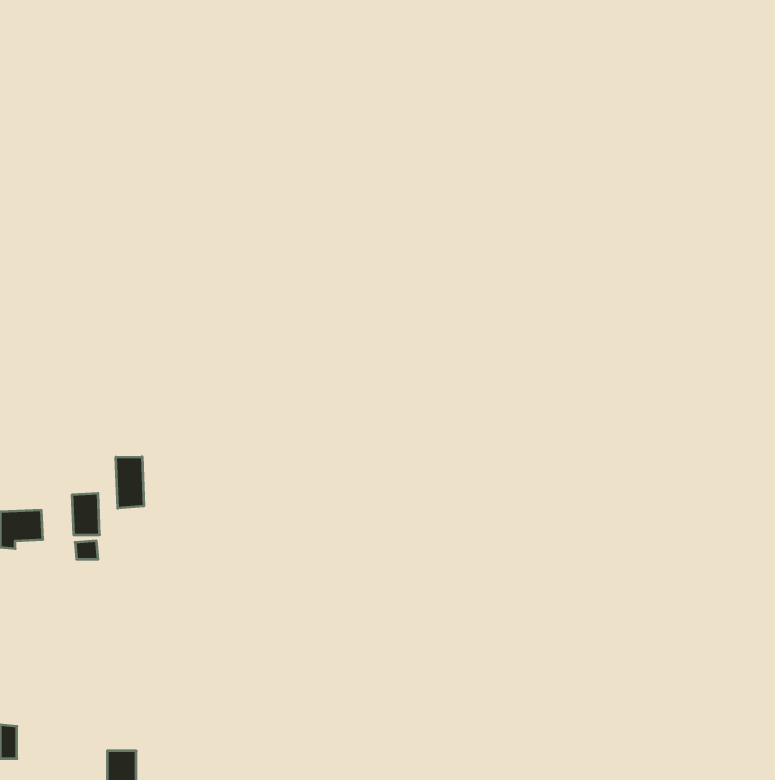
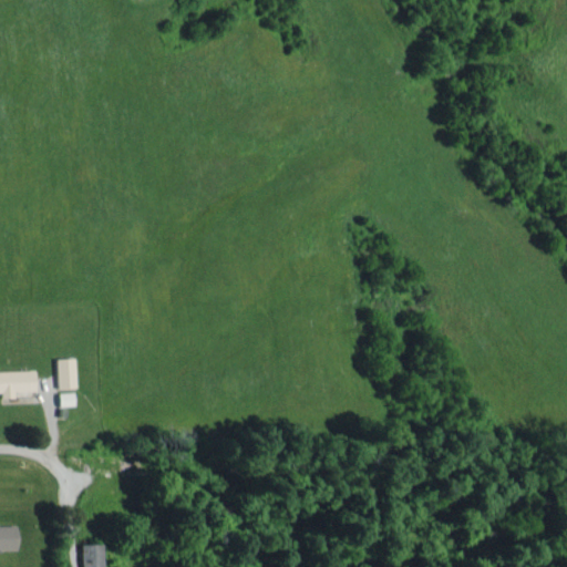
building: [116,457,144,508] -> none

